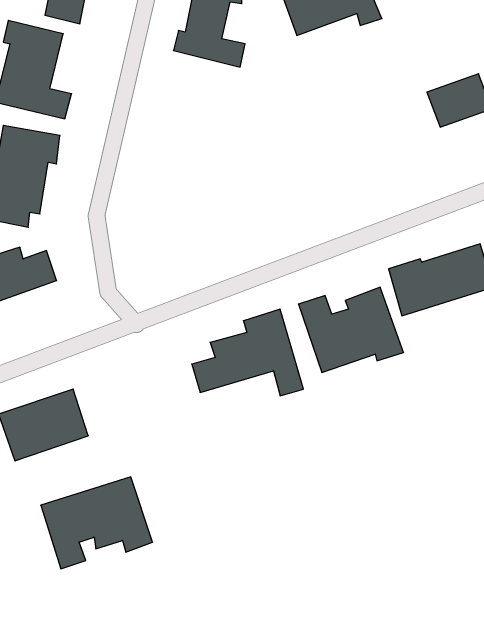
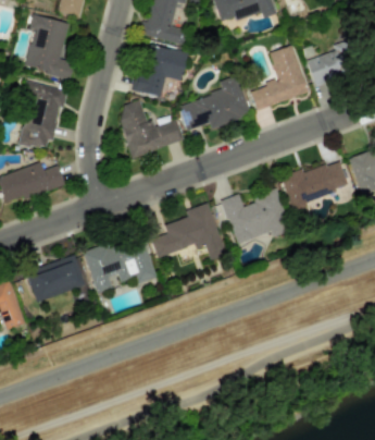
building: none -> [136,44,188,97]
building: none -> [250,45,309,110]
building: none -> [178,75,251,131]
building: none -> [117,99,185,157]
building: [41,477,153,569] -> [85,234,158,294]

